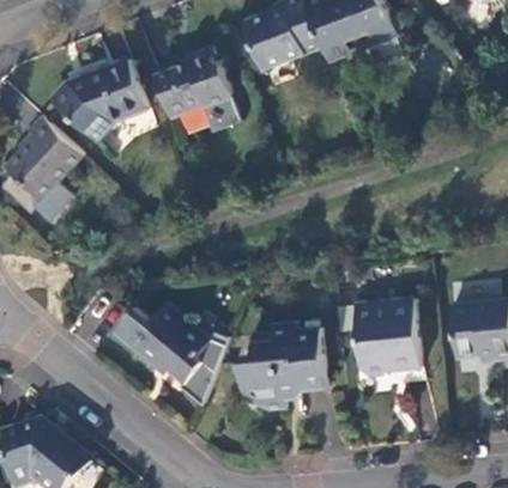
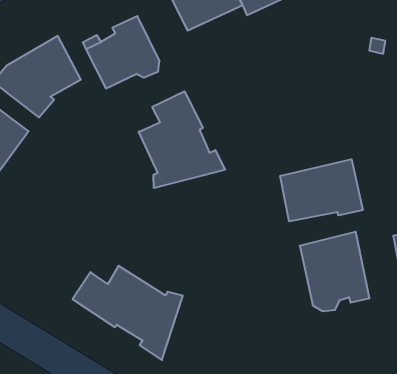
building: none -> [139,91,225,188]
building: none -> [280,159,363,221]
building: [237,317,326,405] -> none

